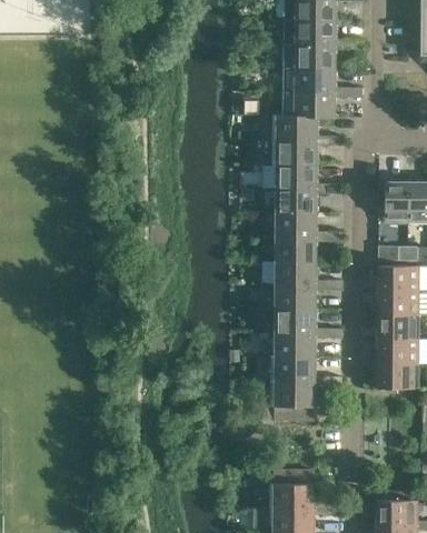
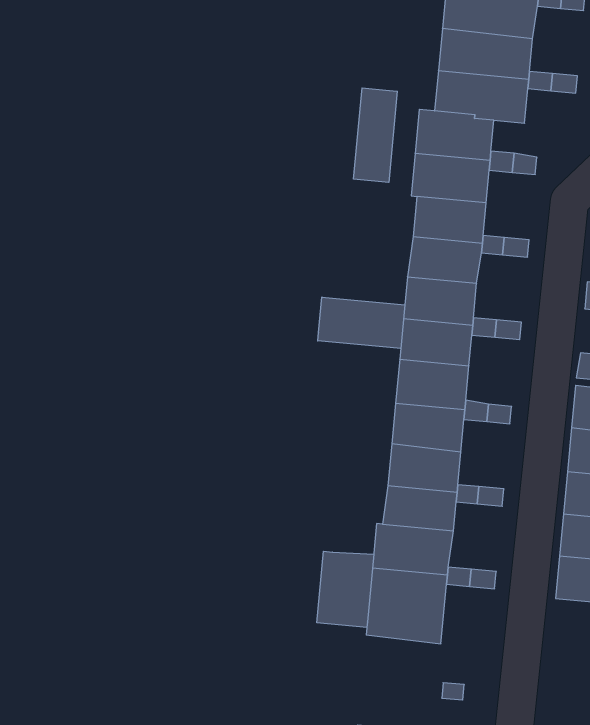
building: none -> [354,88,397,182]
building: none -> [318,297,405,349]
building: none -> [317,551,374,627]

